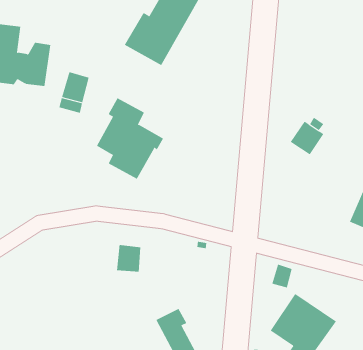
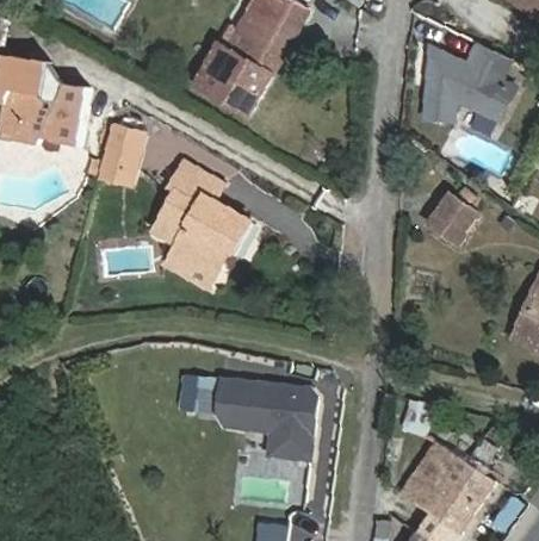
building: none -> [421,46,515,122]
building: none -> [215,375,324,459]

